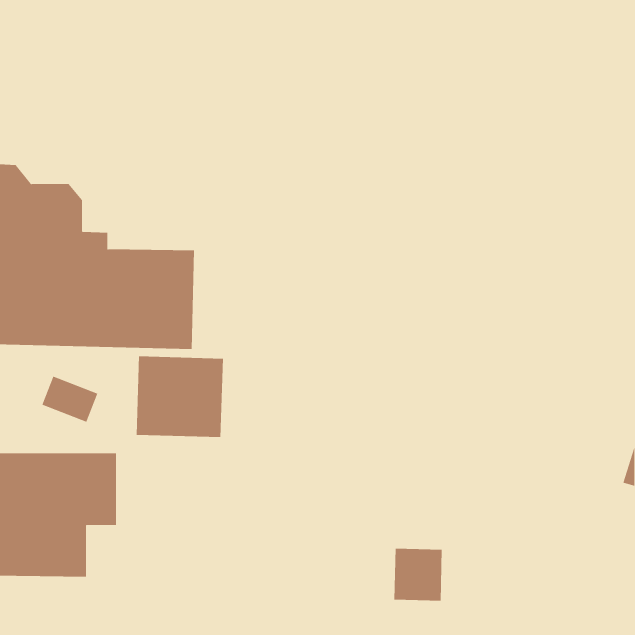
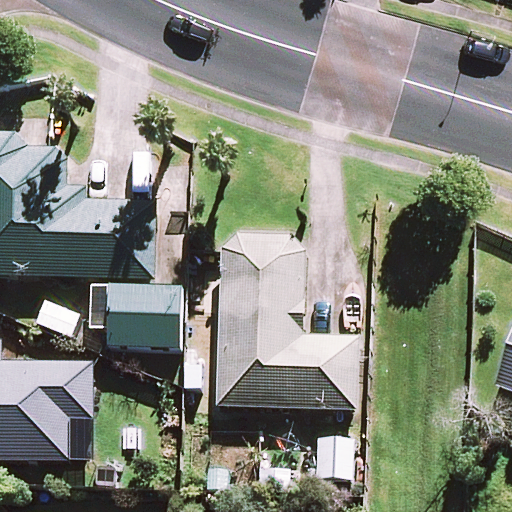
building: none -> [216,232,359,409]

